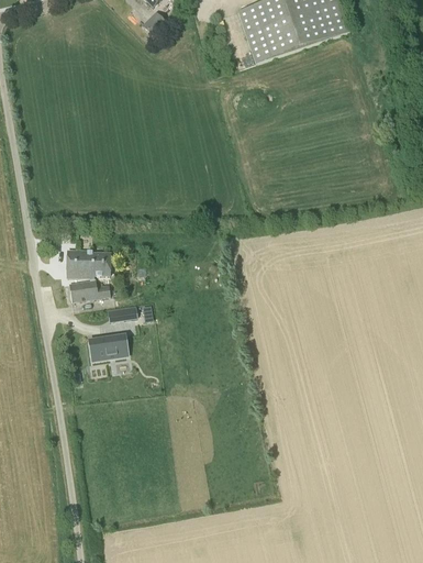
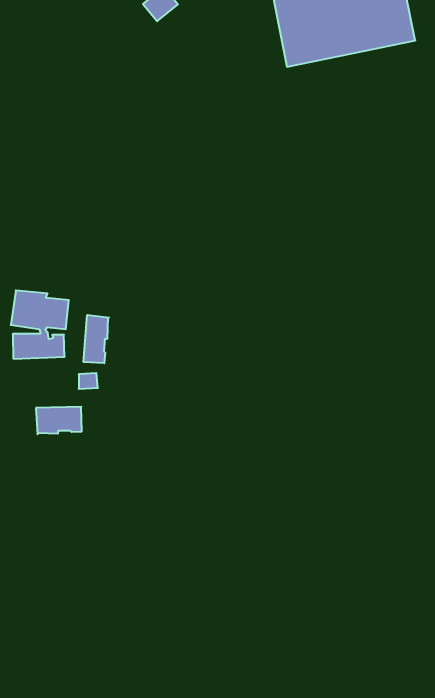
building: none -> [84,315,109,363]

